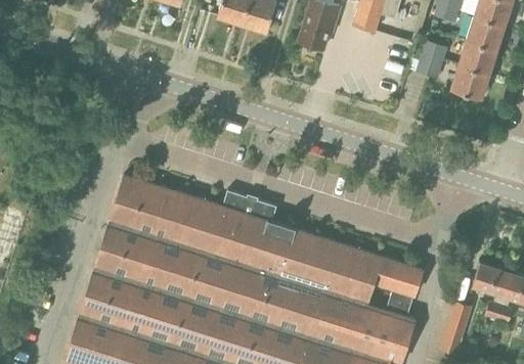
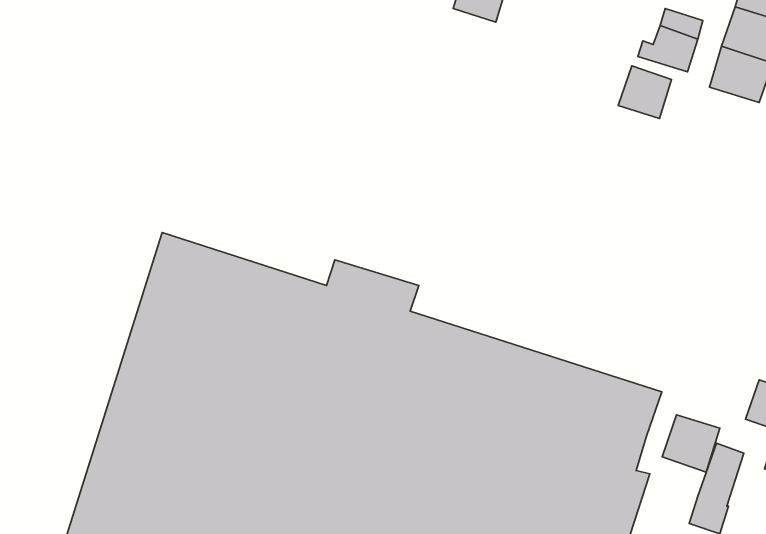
building: none -> [618,66,671,119]
building: none -> [662,415,720,472]

